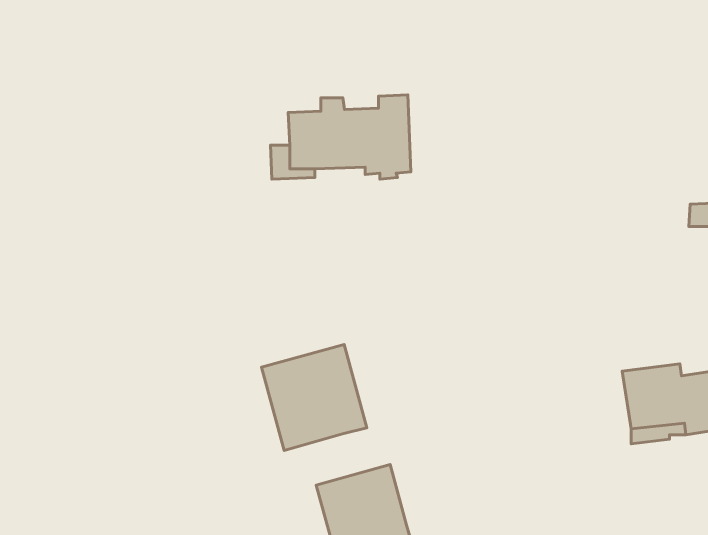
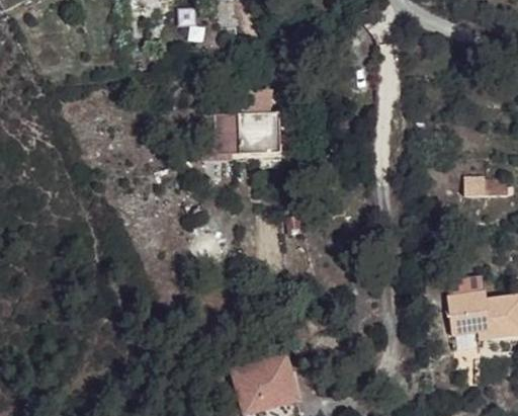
building: [262,344,367,451] -> none

